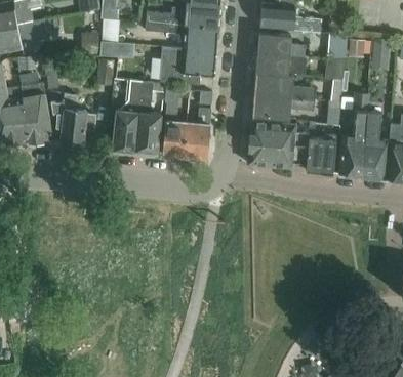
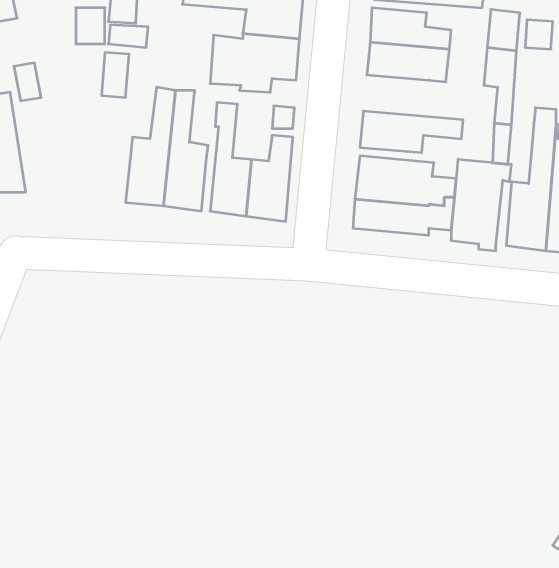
building: [253,73,314,99] -> none
building: [50,93,94,144] -> none

